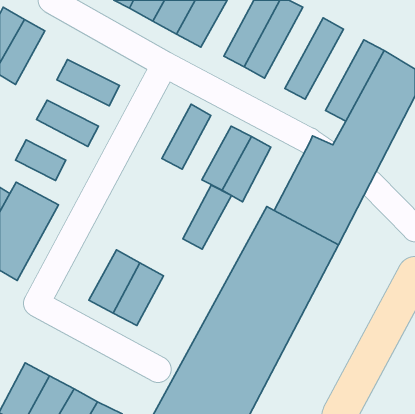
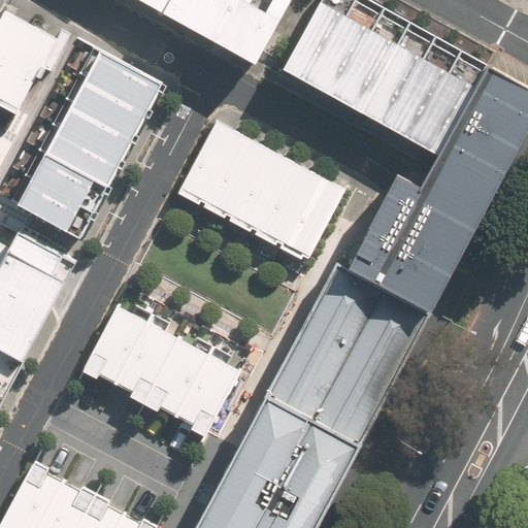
building: none -> [335,11,409,114]
building: none -> [387,39,461,142]
building: none -> [86,52,164,110]
building: none -> [60,103,138,162]
building: none -> [179,121,242,203]
building: none -> [33,154,97,205]
building: [183,185,232,249] -> [231,148,293,230]
building: none -> [82,303,147,383]
building: none -> [173,352,238,431]

